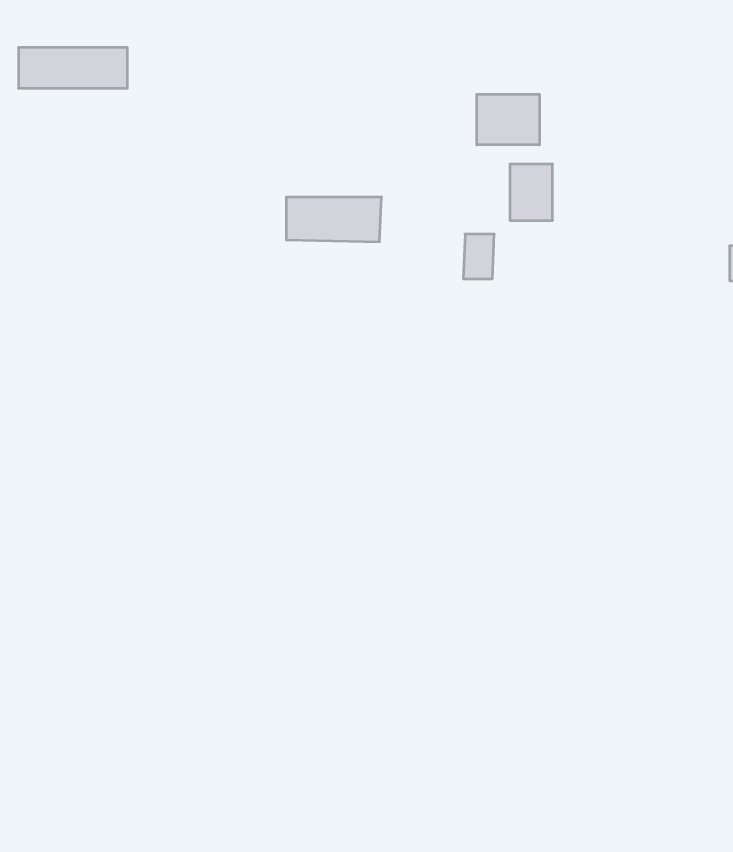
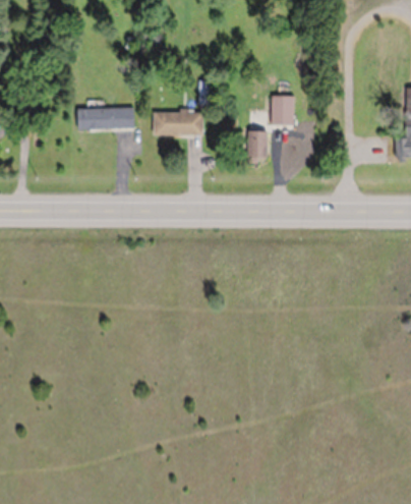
building: [18,48,127,88] -> [78,109,135,130]
building: [477,94,539,145] -> none

